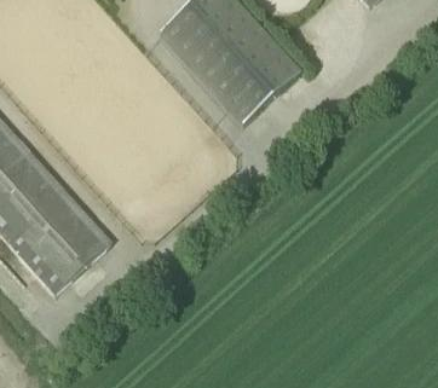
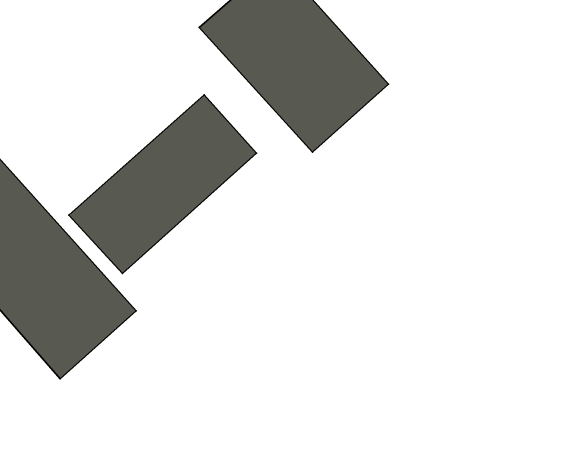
building: none -> [69,95,257,273]

